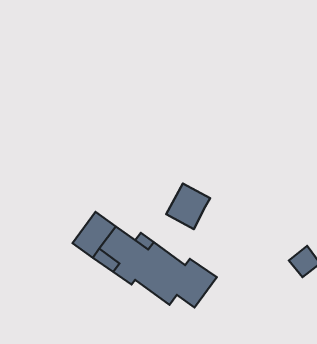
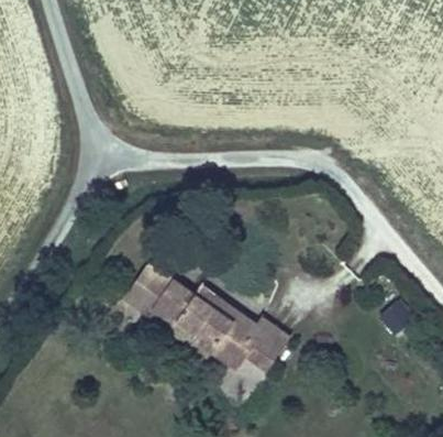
building: [166,183,210,229] -> none

